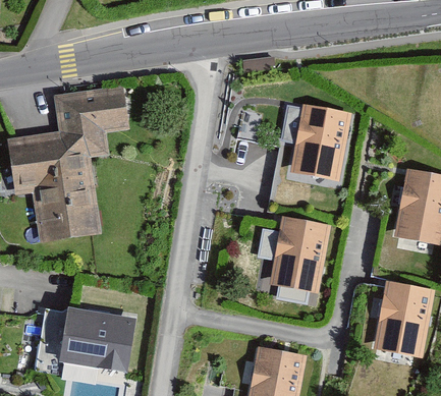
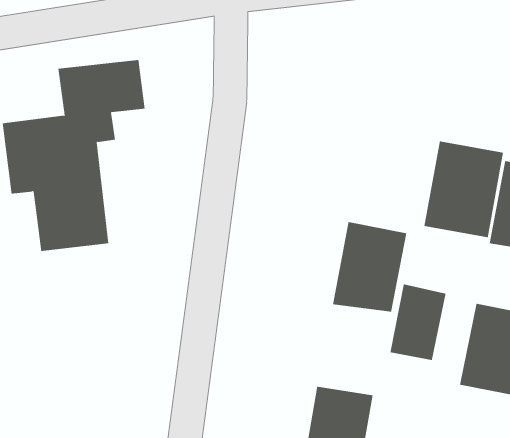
building: [286,103,349,179] -> [424,141,504,238]
building: none -> [390,284,446,361]
building: [54,304,132,372] -> none

